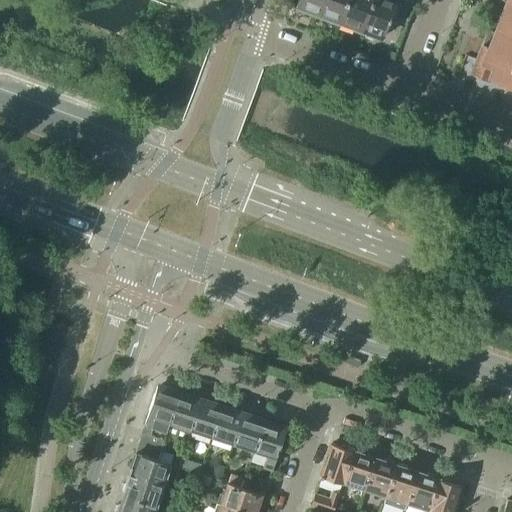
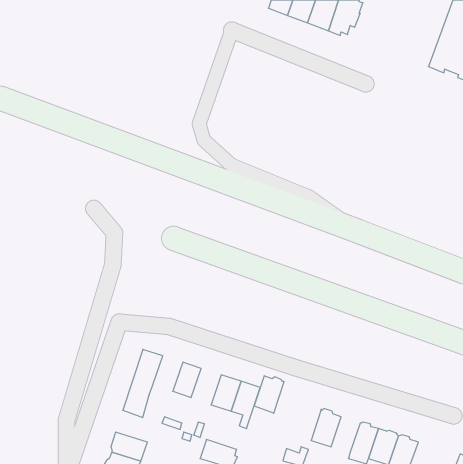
building: [166,392,203,442] -> none
building: [212,406,245,446] -> none
building: [322,445,355,486] -> [254,376,284,413]
building: [129,452,172,487] -> none
building: [366,459,398,498] -> none

